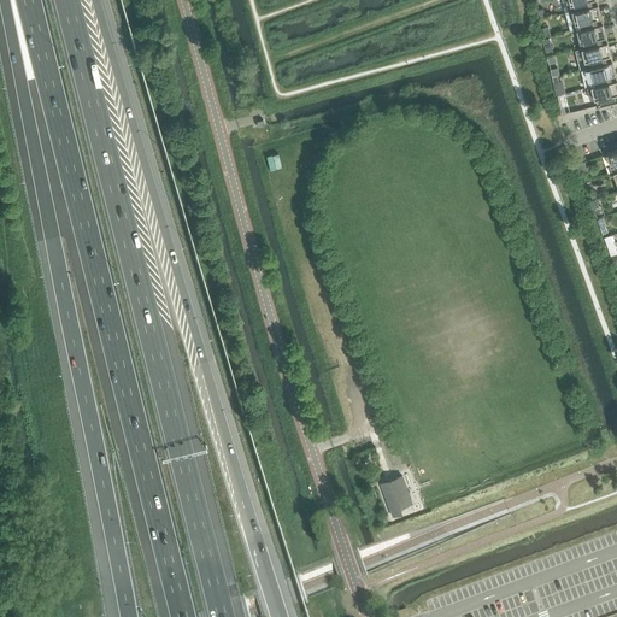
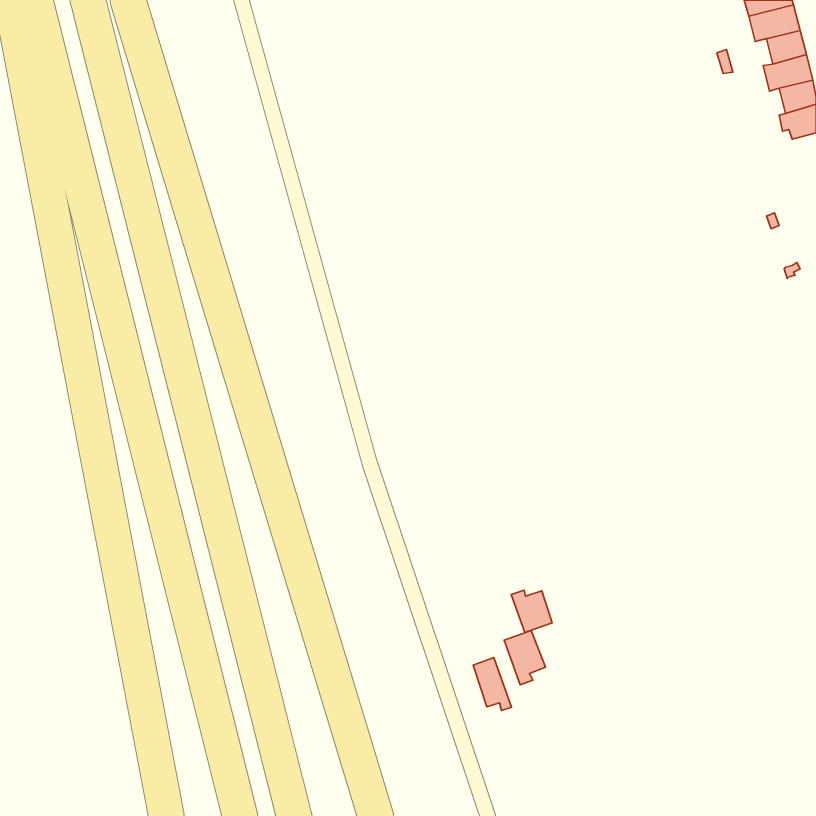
building: none -> [511,590,552,633]
building: none -> [473,658,512,711]

